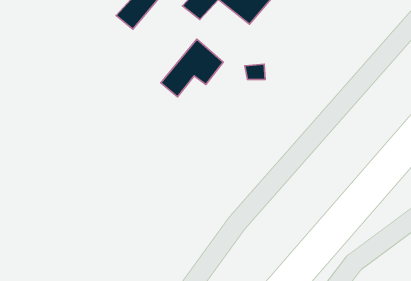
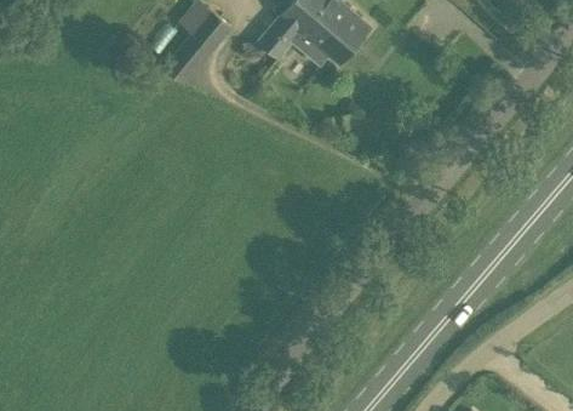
building: [161,39,223,97] -> none

